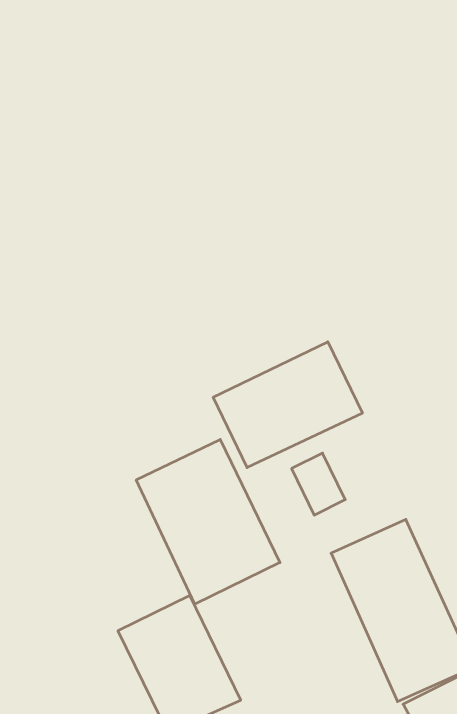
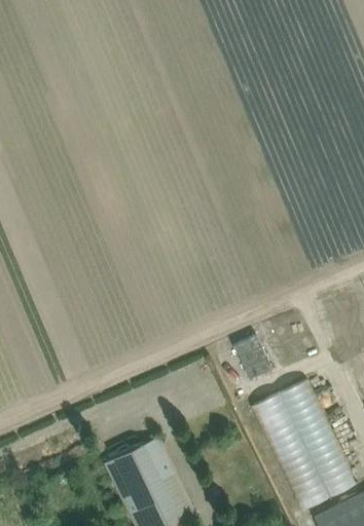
building: [213,342,362,468] -> none
building: [136,439,280,604] -> none

